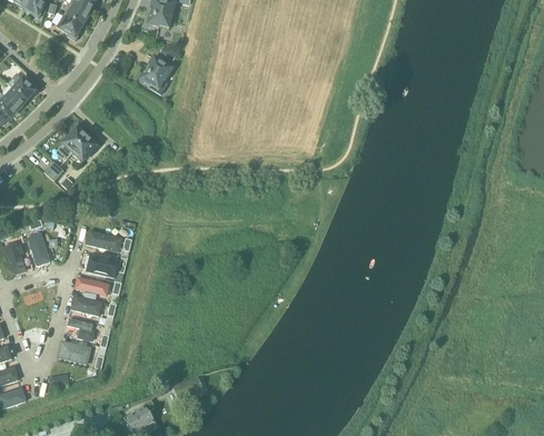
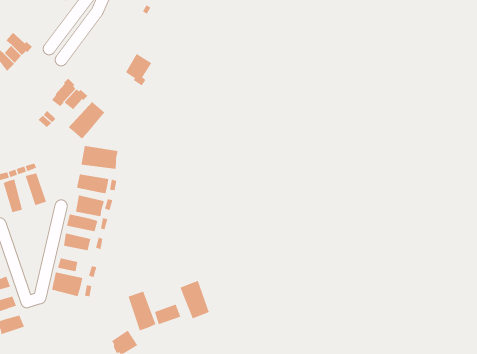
building: [141,57,171,93] -> [125,53,152,86]
building: none -> [68,101,105,139]
building: none -> [81,145,118,171]
building: none -> [180,280,209,319]
building: none -> [128,291,156,331]

